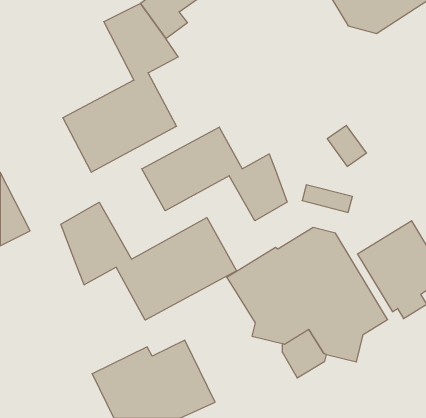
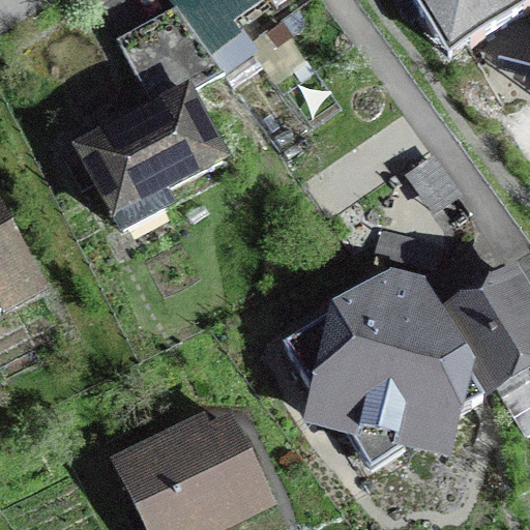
building: [142,127,287,221] -> none
building: [61,202,237,320] -> none

